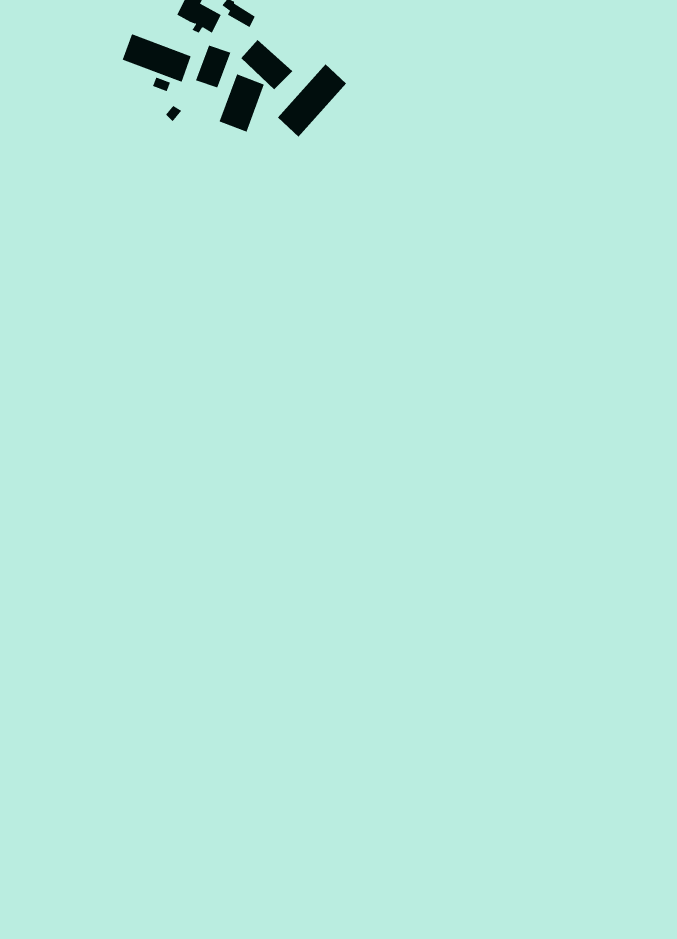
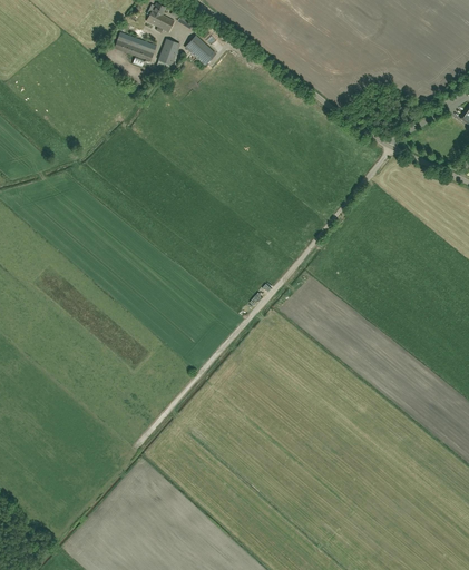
building: [277,64,347,137] -> none
building: [219,73,265,132] -> none

